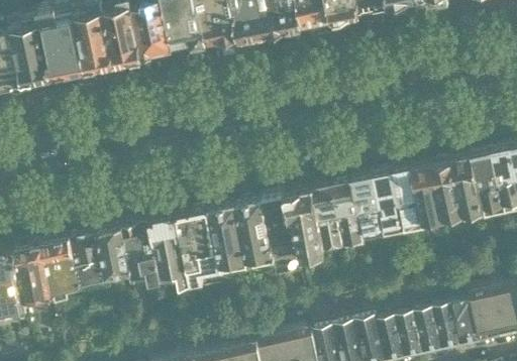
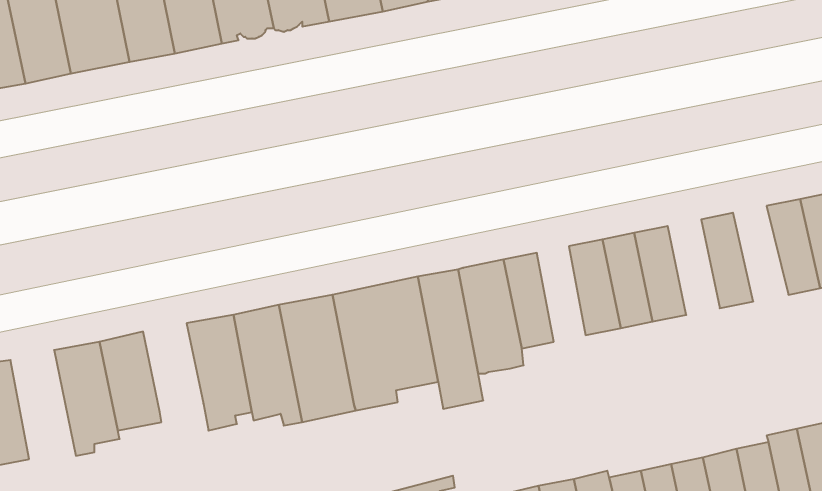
building: [450,157,484,215] -> none
building: [411,165,442,223] -> none
building: [332,182,361,239] -> none
building: [95,228,131,281] -> none
building: [15,244,55,311] -> none

